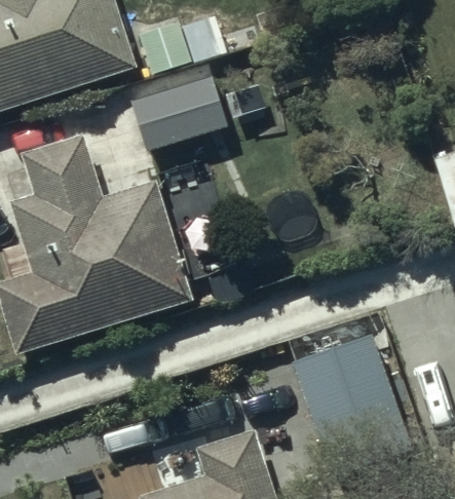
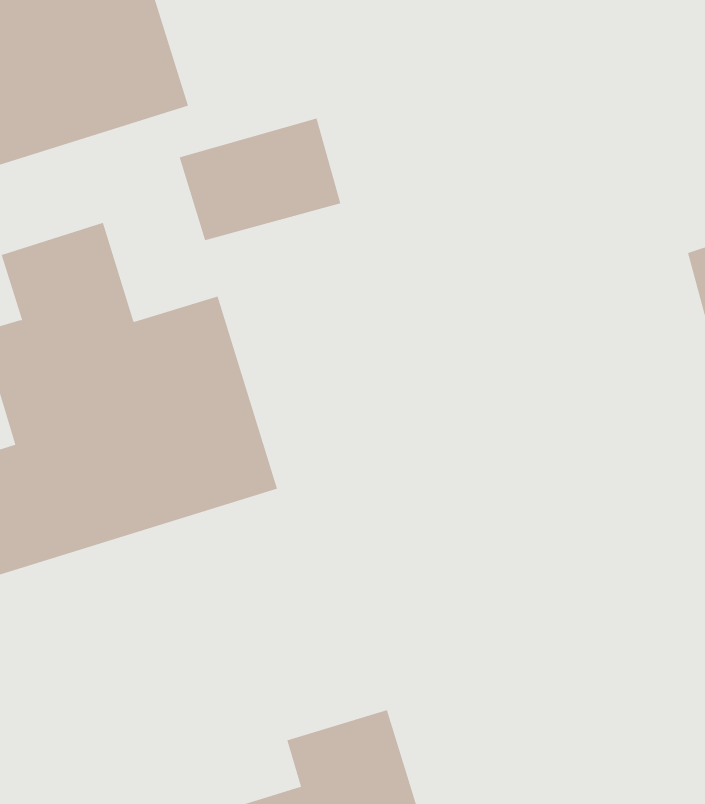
building: [291,337,411,477] -> none

